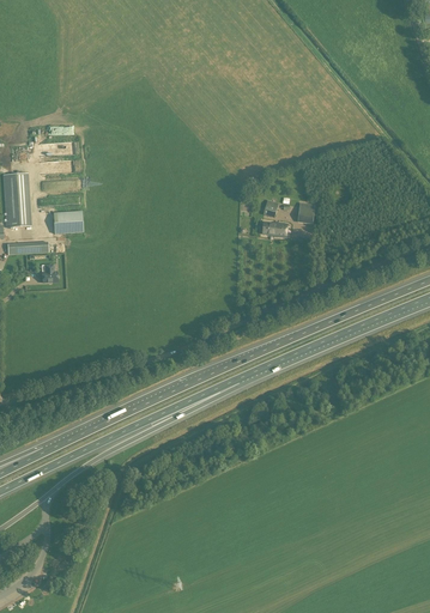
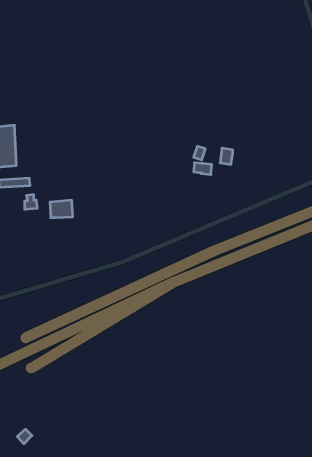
building: [52,211,81,233] -> [50,200,73,218]

